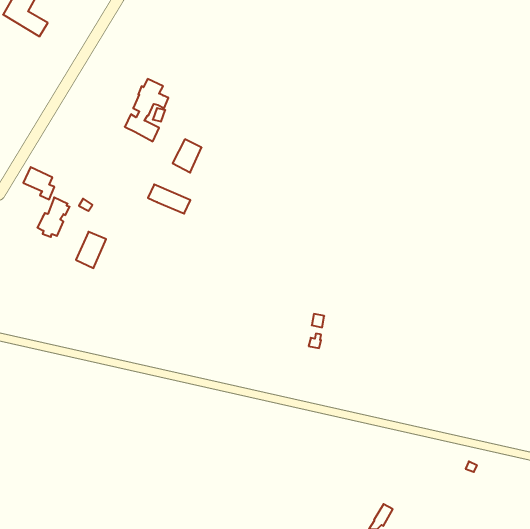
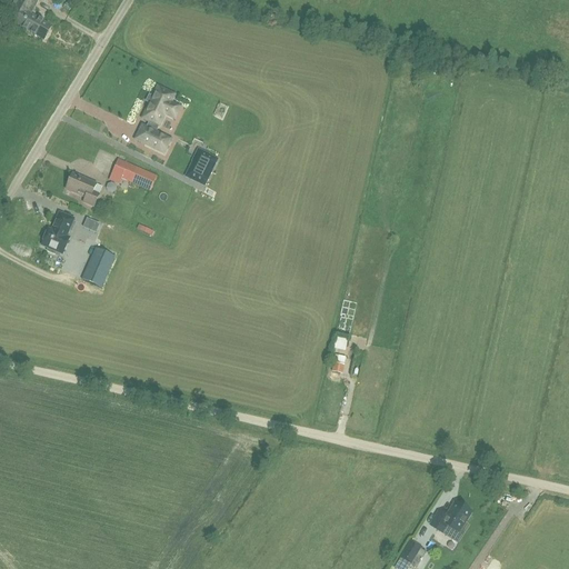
building: [23,167,54,199] -> [64,171,98,206]
building: [148,184,190,214] -> [110,158,156,189]
building: none -> [430,501,469,532]

